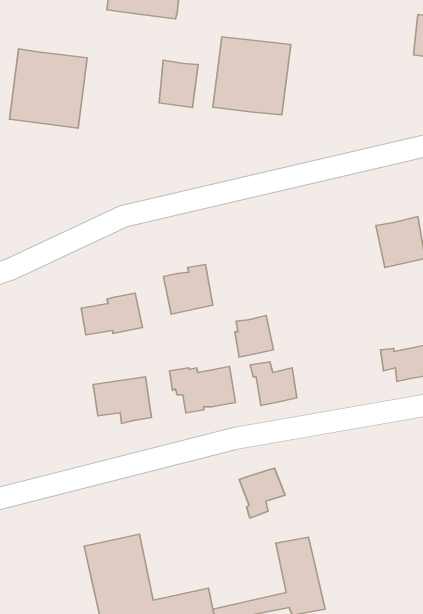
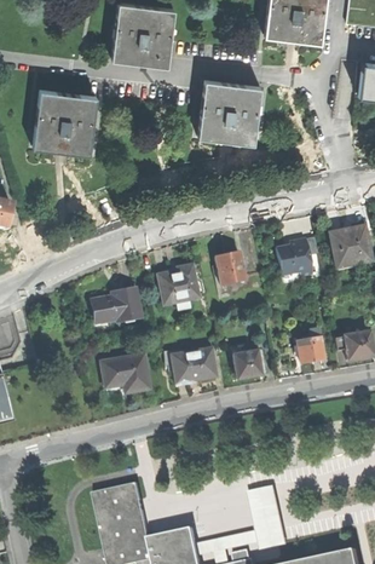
building: [159,60,198,107] -> none
building: none -> [276,236,318,277]
building: [235,315,274,357] -> [214,252,246,286]
building: none -> [294,333,324,363]
building: [239,468,285,518] -> none

